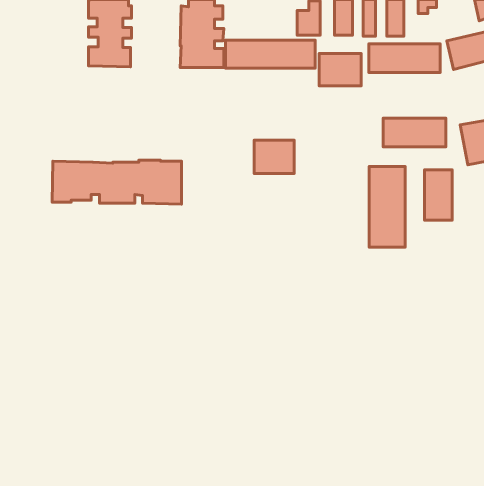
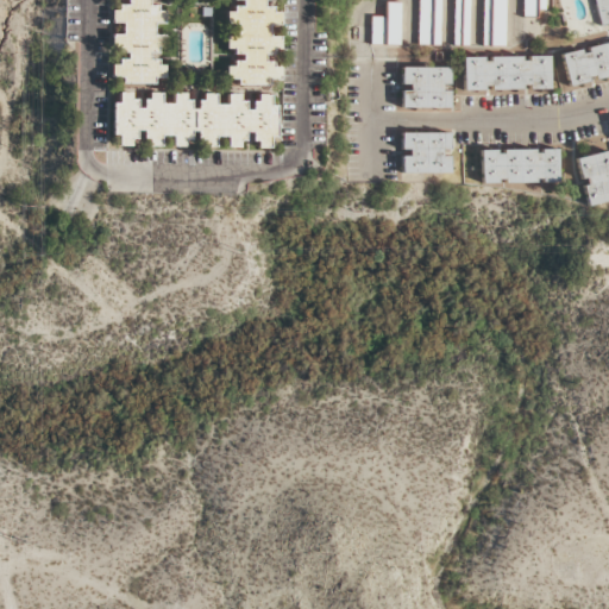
building: [226,40,315,68] -> none
building: [254,140,294,174] -> [402,131,452,172]
building: [52,160,182,204] -> [115,93,277,147]
building: [369,167,405,247] -> none
building: [425,170,452,220] -> none

